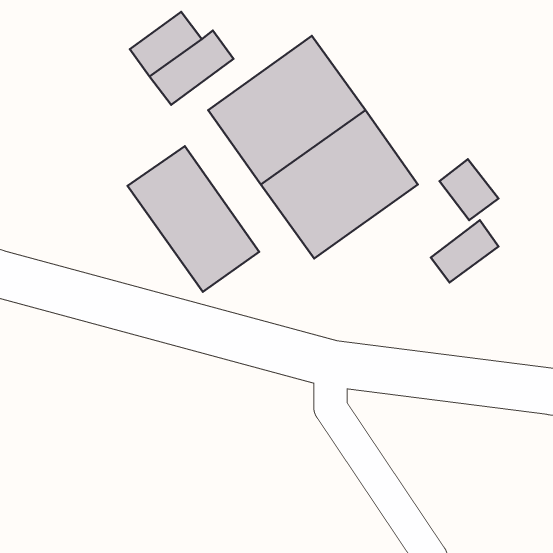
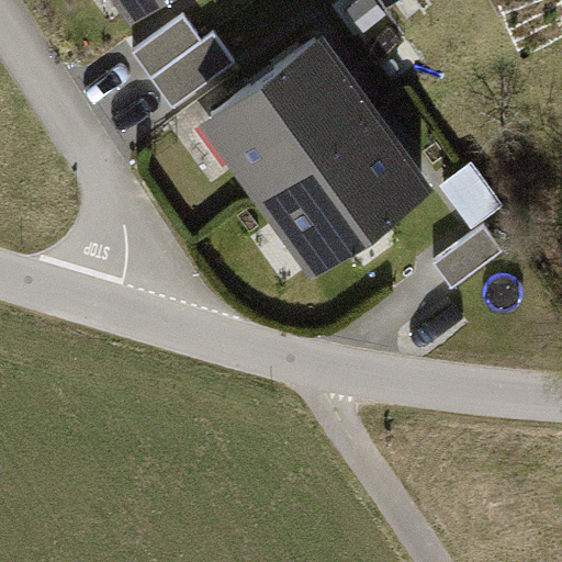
building: [128,146,259,292] -> none

